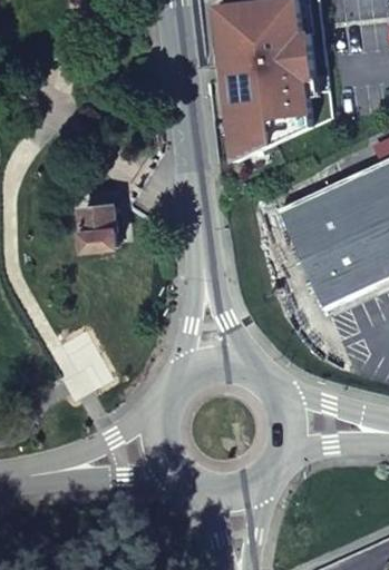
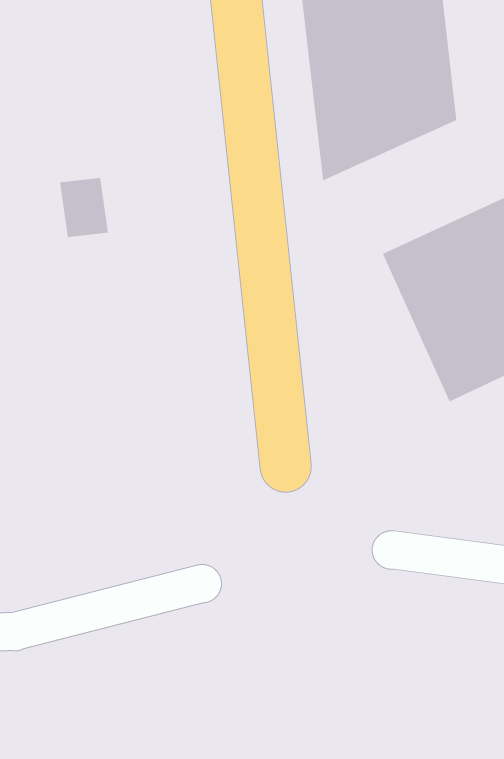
building: [77,207,111,249] -> [59,177,109,238]

